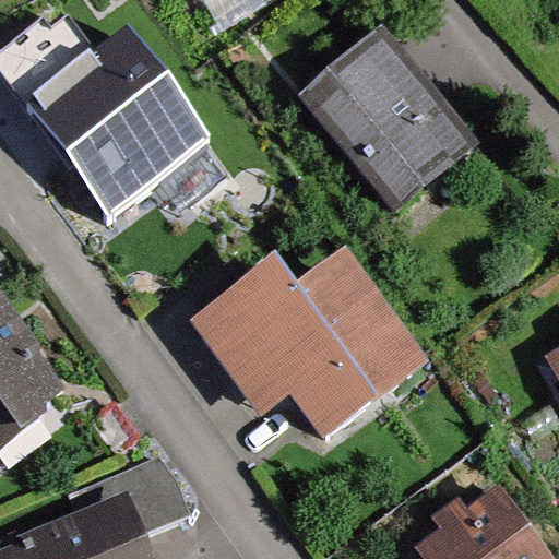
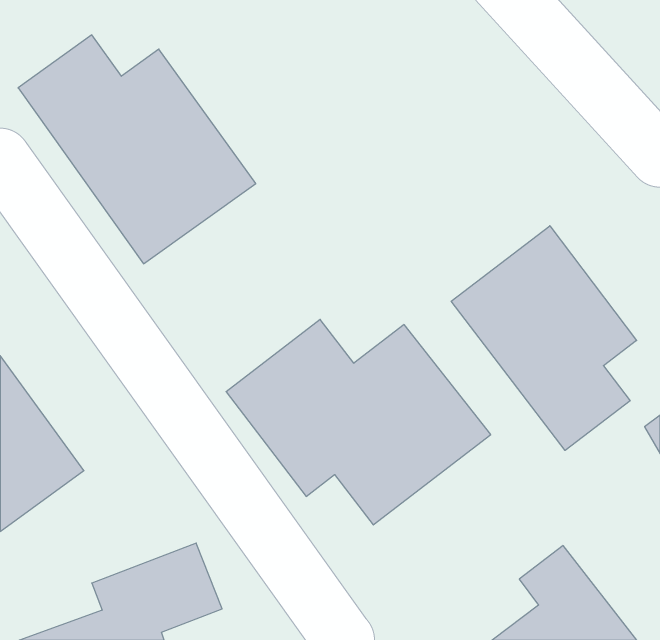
building: [307,37,472,209] -> none
building: none -> [451,226,637,450]

